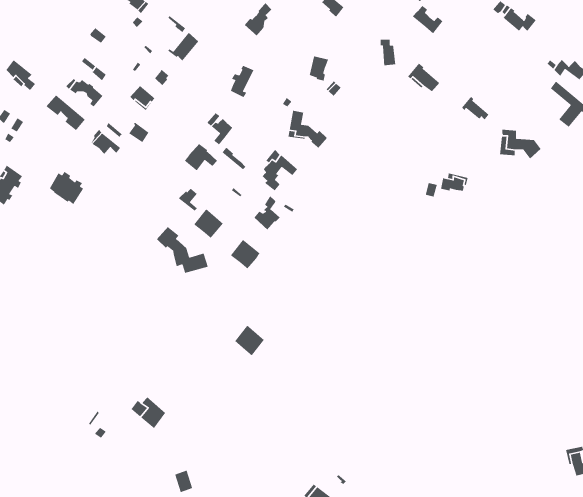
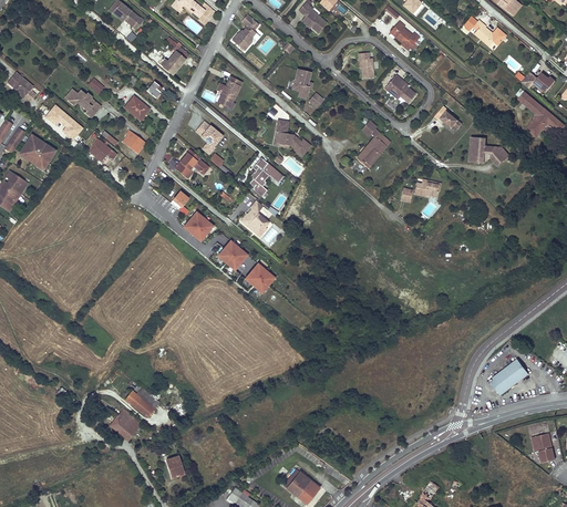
building: none -> [355,121,389,165]
building: [49,171,84,205] -> [20,136,53,168]
building: [156,226,209,274] -> none
building: [234,325,265,356] -> [246,262,275,292]
building: none -> [489,359,528,395]
building: none -> [110,408,142,441]

